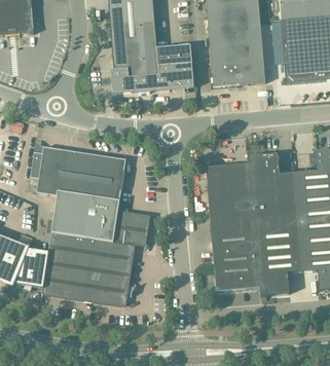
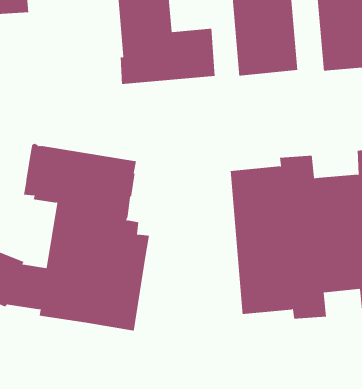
building: [117,207,150,243] -> none

